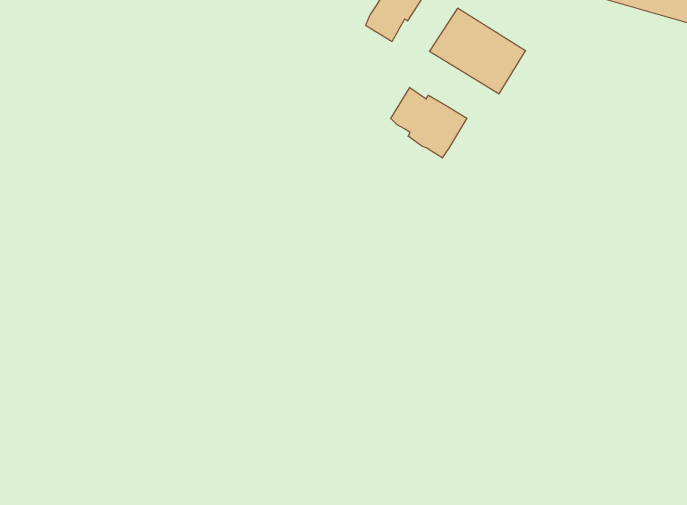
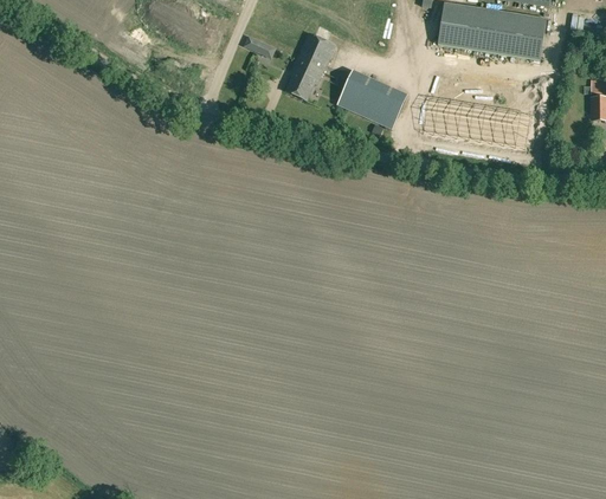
building: [391,87,467,158] -> none

